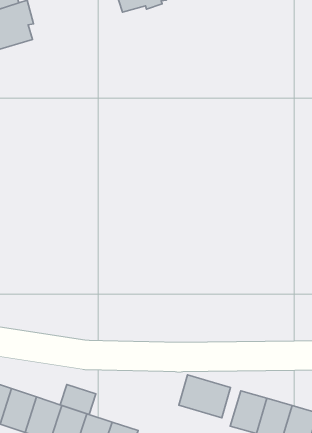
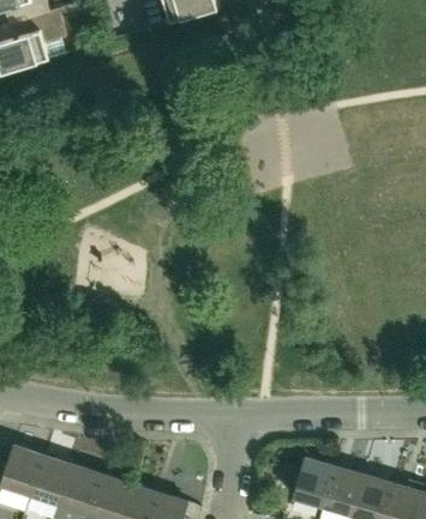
building: [179,375,230,418] -> none
building: [60,384,96,414] -> none

